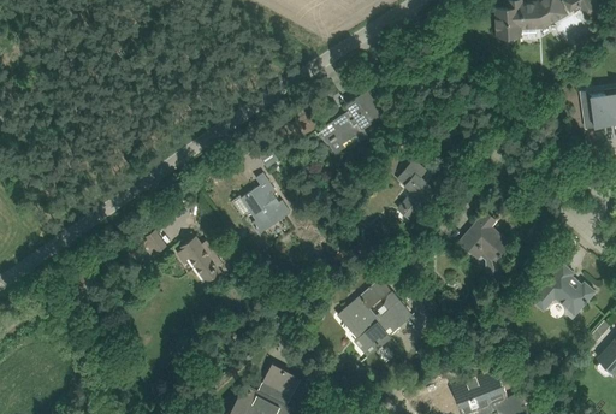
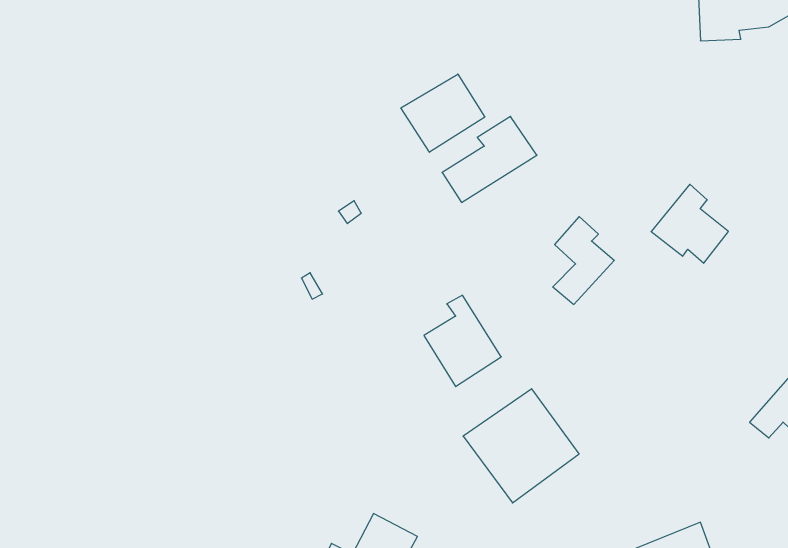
building: none -> [401,74,485,152]
building: [238,171,291,233] -> [424,295,501,387]
building: [458,209,511,264] -> [651,184,728,263]
building: [177,235,226,288] -> none

